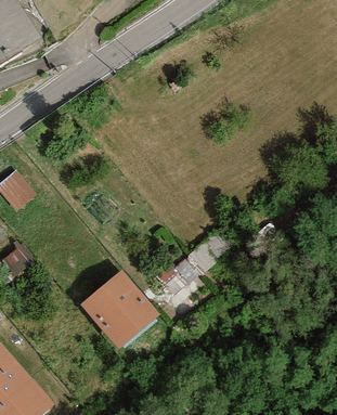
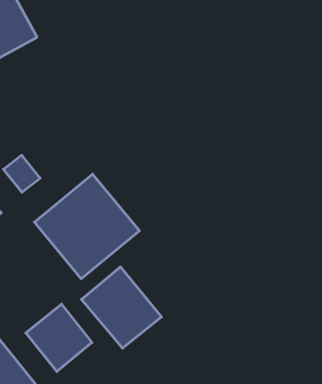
building: none -> [34,174,139,279]
building: none -> [26,304,92,372]

